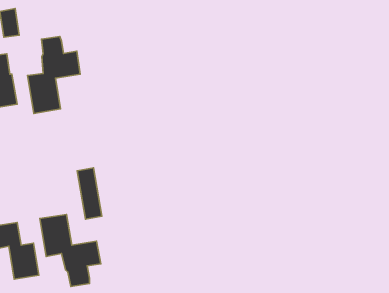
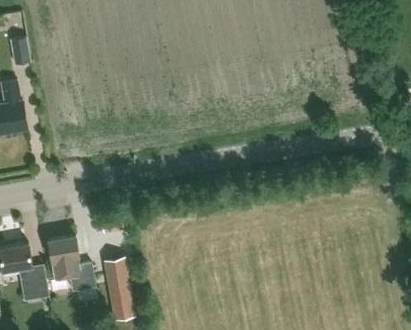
building: [27,36,80,113] -> none
building: [77,168,102,219] -> [107,257,131,307]

